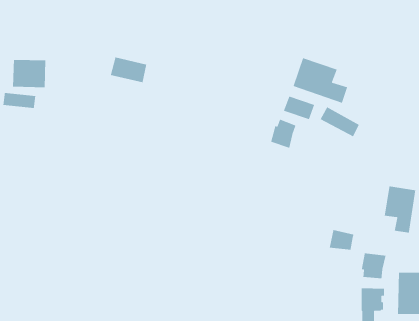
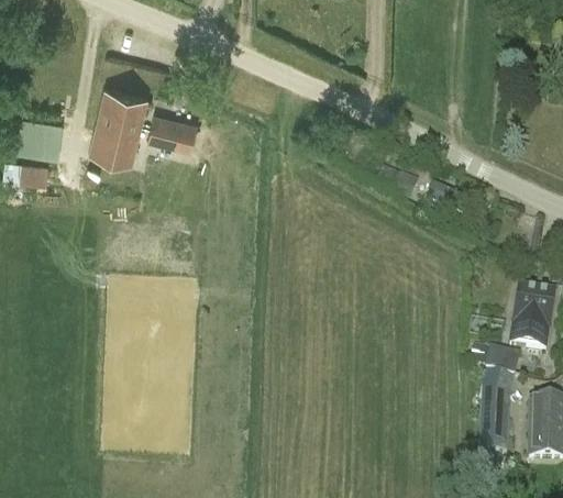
building: none -> [89,89,148,165]
building: [292,57,348,104] -> none
building: [270,119,297,149] -> none
building: [329,229,354,251] -> [485,352,519,380]

